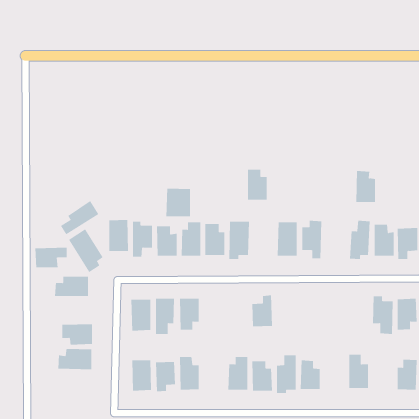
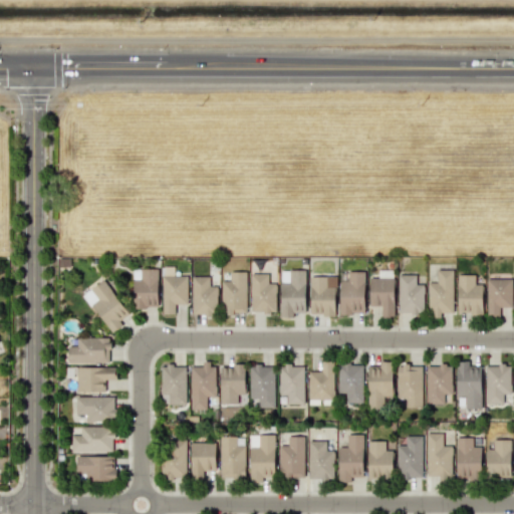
building: [247,169,268,200] -> [310,277,335,315]
building: [355,171,376,203] -> [399,275,424,314]
building: [166,188,191,217] -> none
building: [60,200,99,235] -> none
building: [35,247,67,268] -> [76,367,116,393]
building: none -> [367,362,393,410]
building: none -> [337,364,363,404]
building: none -> [249,365,275,409]
building: none -> [279,365,304,405]
building: none -> [398,365,423,408]
building: none -> [427,365,451,405]
building: none -> [250,436,274,483]
building: none -> [398,436,423,479]
building: none -> [456,438,481,478]
building: none -> [76,456,114,482]

